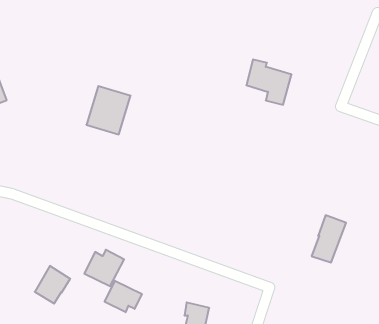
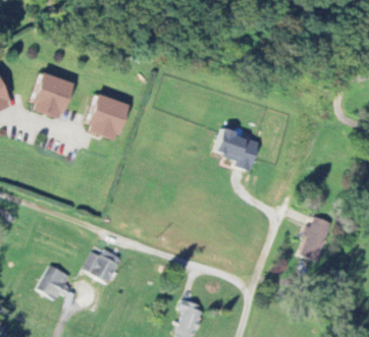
building: [246,59,292,105] -> [216,127,259,170]
building: none -> [31,72,72,118]
building: [105,281,142,312] -> none

